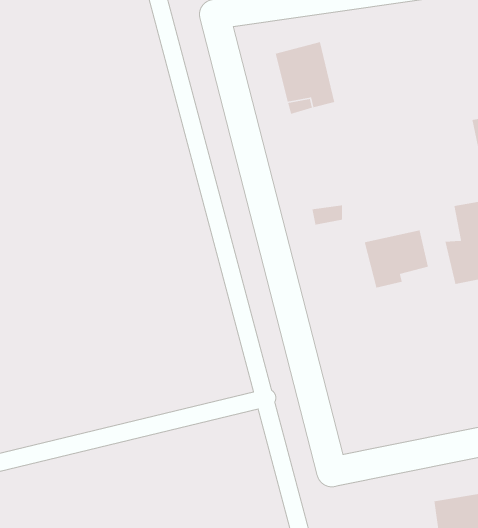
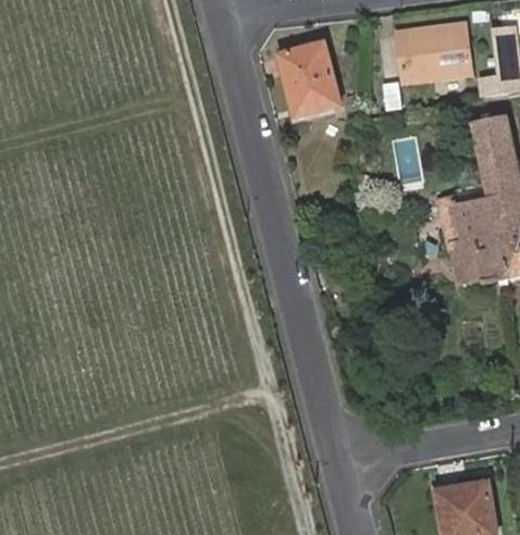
building: none -> [391,21,469,77]
building: [364,230,429,288] -> none

